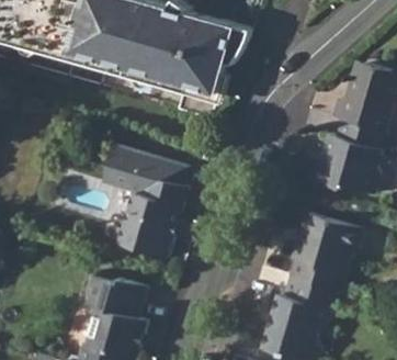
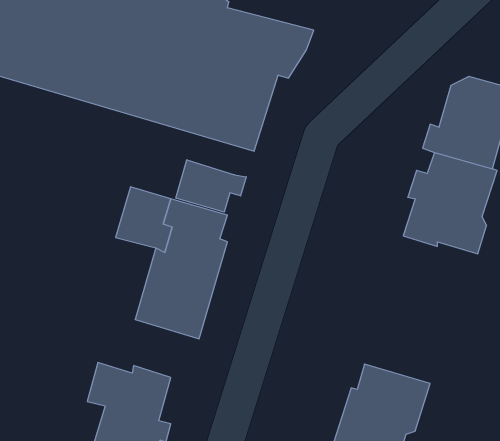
building: none -> [176,160,246,212]
building: [288,211,361,289] -> none

